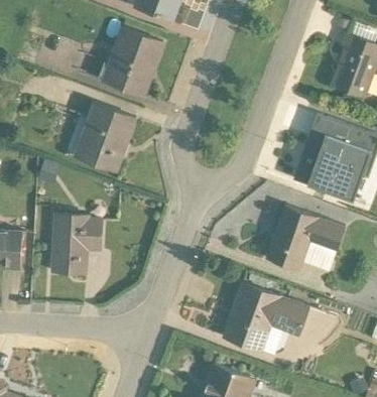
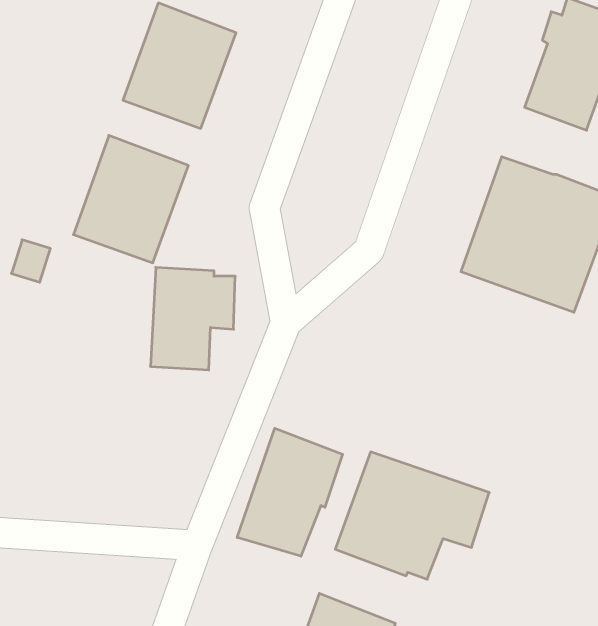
building: [264,205,345,272] -> none
building: [51,215,100,273] -> [150,267,235,370]
building: none -> [237,428,343,556]

